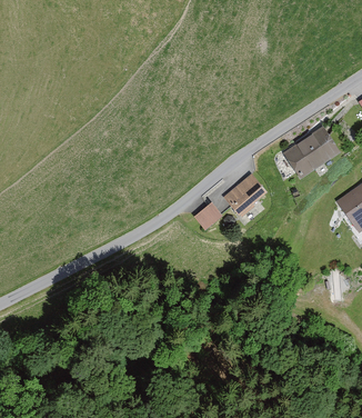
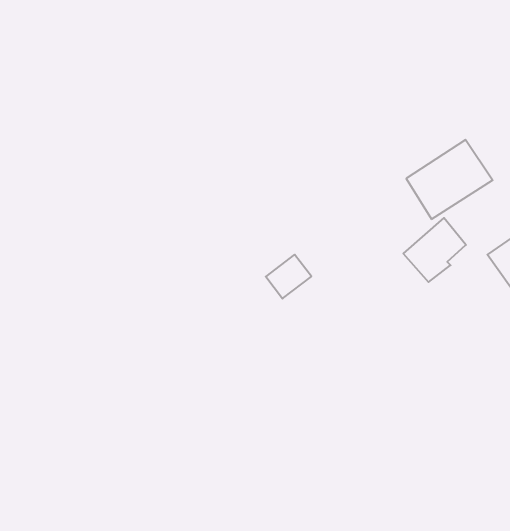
building: [223,173,264,216] -> [403,218,466,282]

